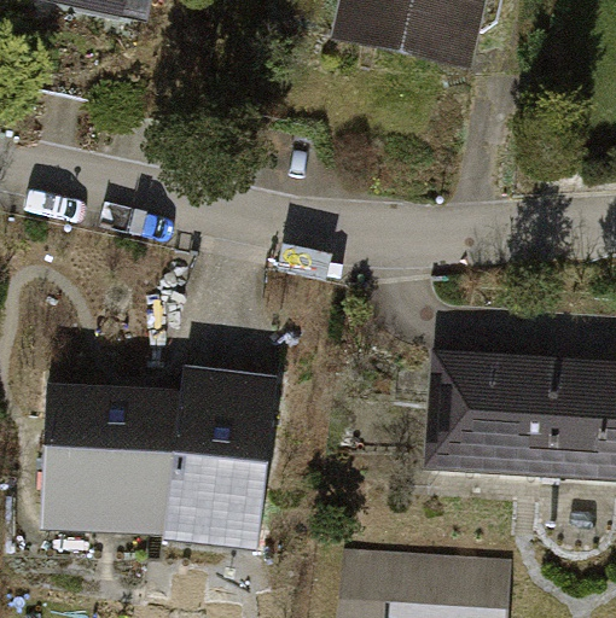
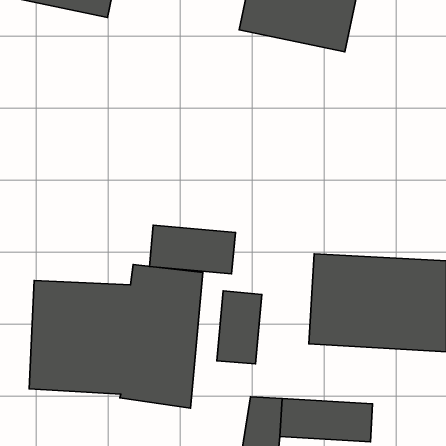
building: none -> [150,225,236,274]
building: none -> [217,291,262,364]

